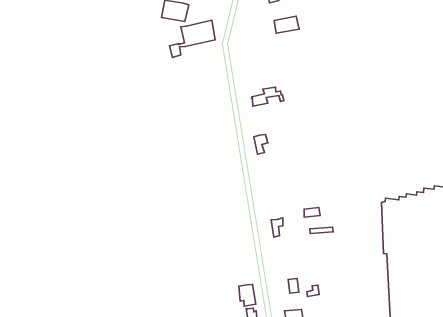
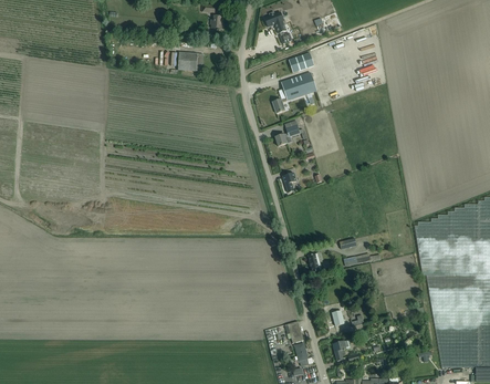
building: [169,20,215,57] -> [272,72,316,113]

